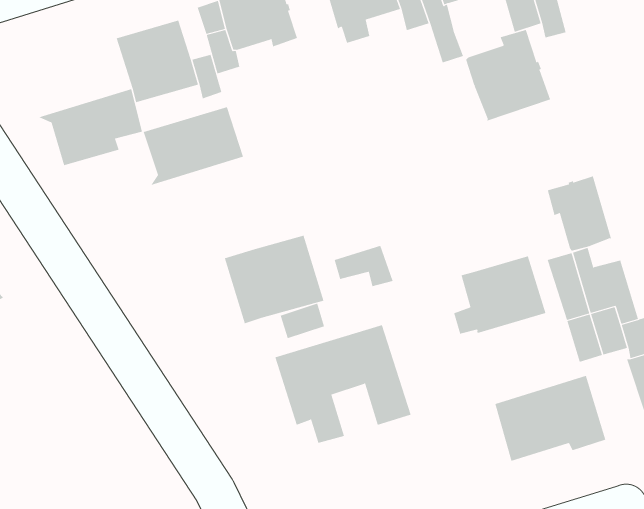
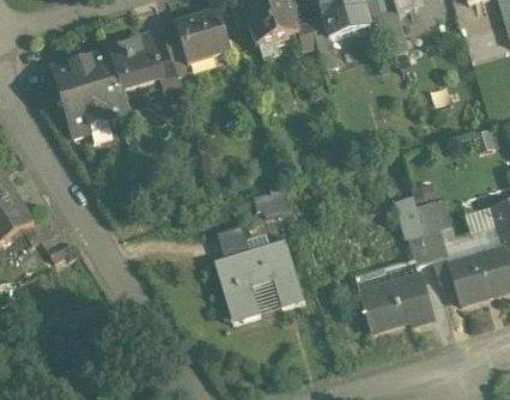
building: [465,29,551,122] -> none
building: [143,107,244,186] -> [53,49,120,102]
building: [547,176,612,252] -> none
building: [224,235,324,324] -> none
building: [454,255,546,335] -> none

